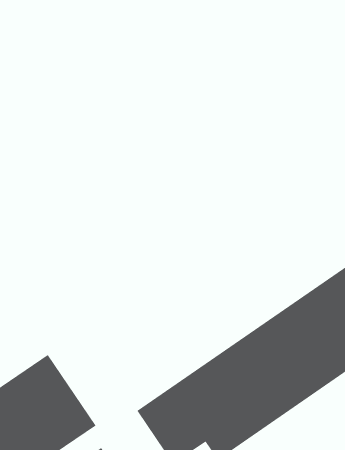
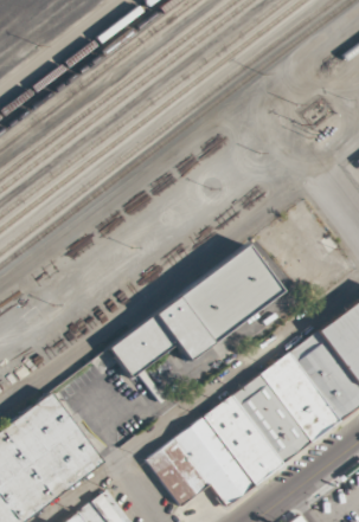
building: none -> [108,247,281,376]

